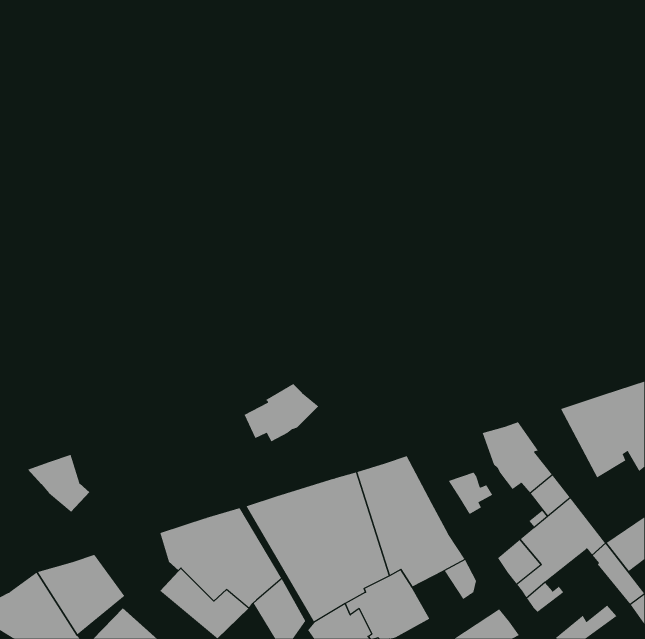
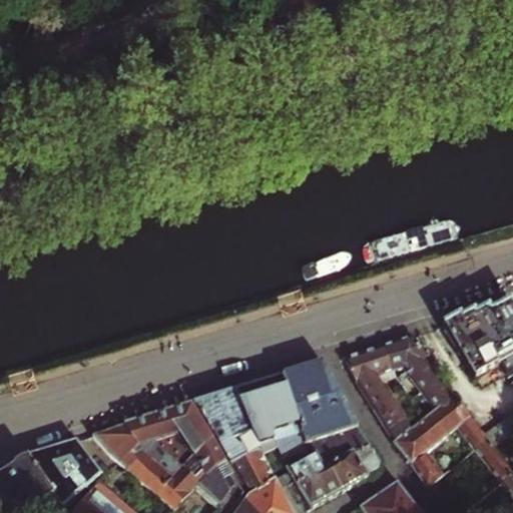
building: [244,383,319,442] -> none
building: none -> [344,343,394,381]
building: [27,454,90,512] -> [91,422,141,468]
building: none -> [372,392,412,442]
building: none -> [327,452,367,490]

